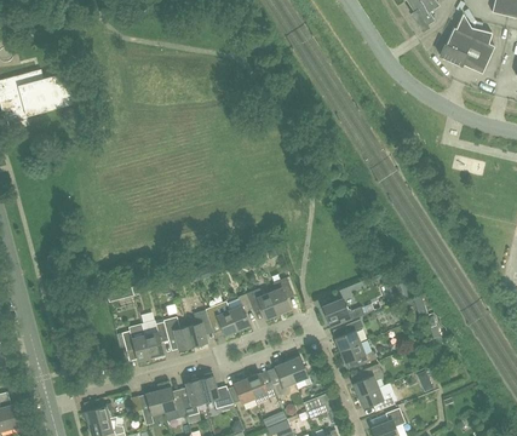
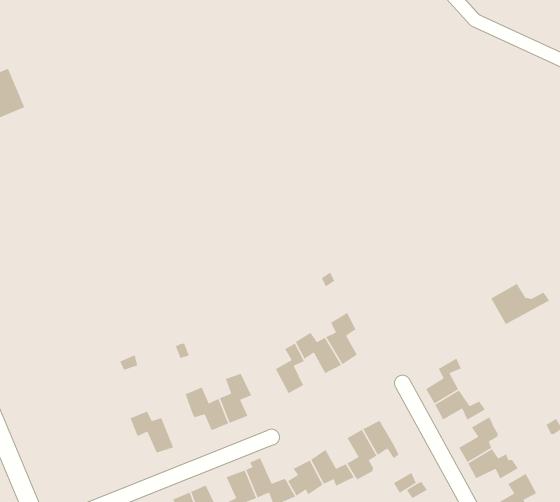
building: [322,298,364,327] -> [490,283,550,325]
building: [206,302,237,338] -> none
building: [145,319,167,358] -> none

